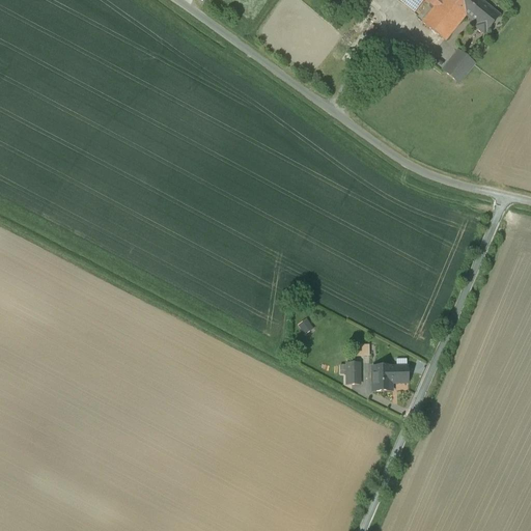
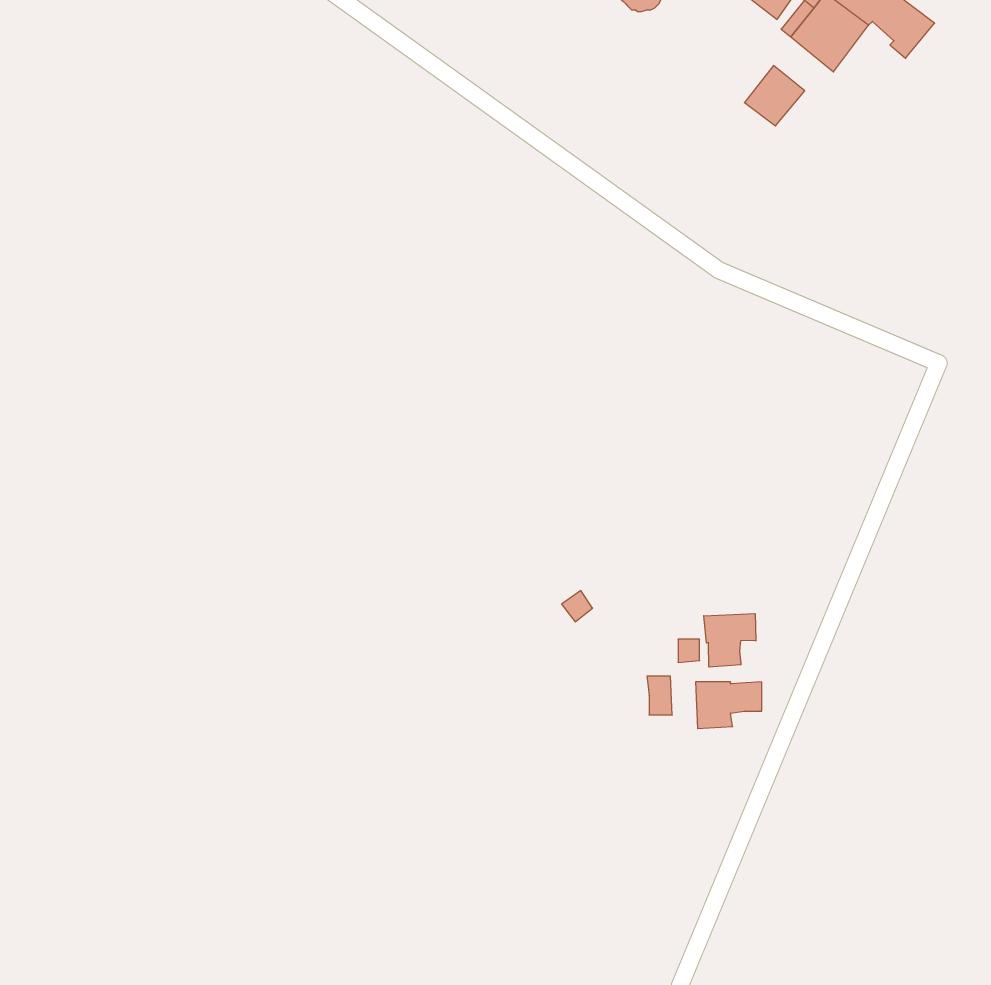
building: [443,48,475,80] -> [744,66,805,126]
building: none -> [704,614,756,667]

